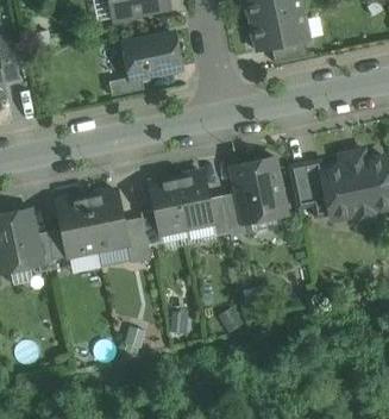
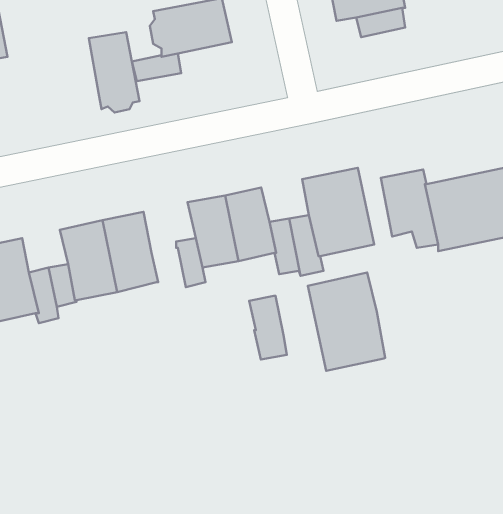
building: none -> [89,32,140,112]
building: [123,217,150,263] -> [249,296,287,360]
building: none -> [308,273,385,371]

